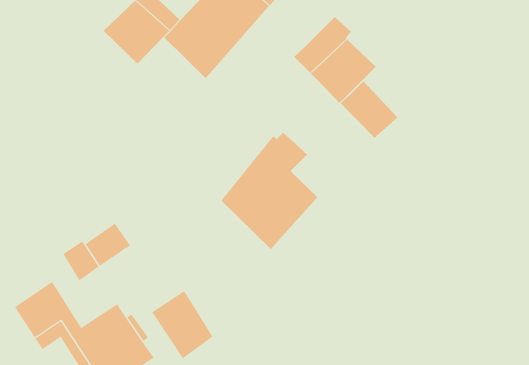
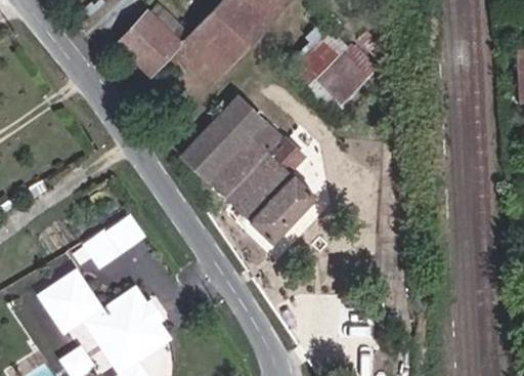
building: [340,80,398,138] -> none
building: none -> [184,95,280,198]
building: [152,290,213,359] -> none

